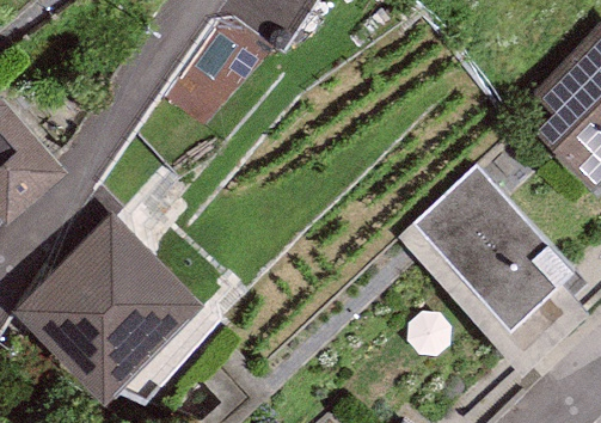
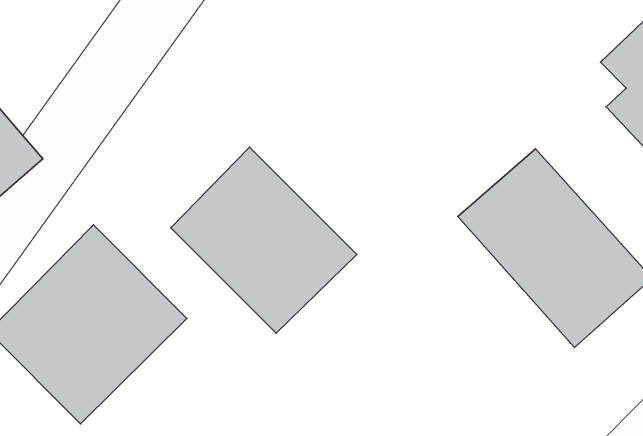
building: none -> [171,147,357,333]

